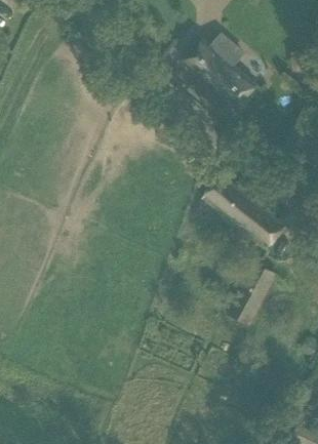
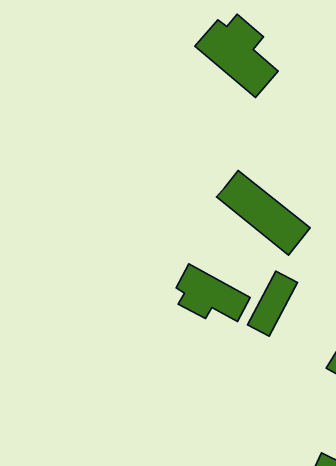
building: none -> [176,264,250,321]

